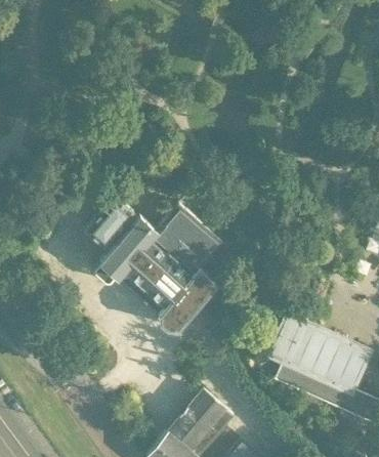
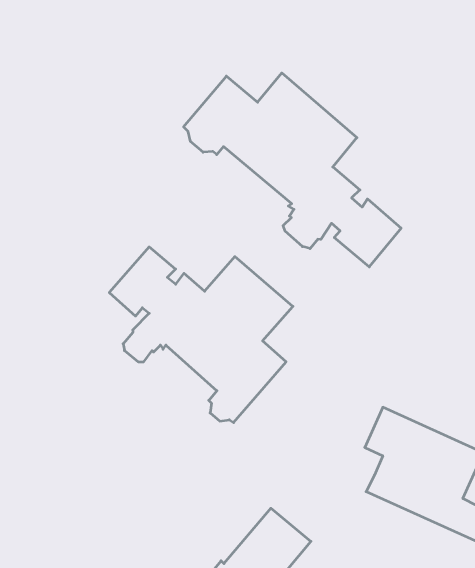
building: none -> [184,73,401,267]

